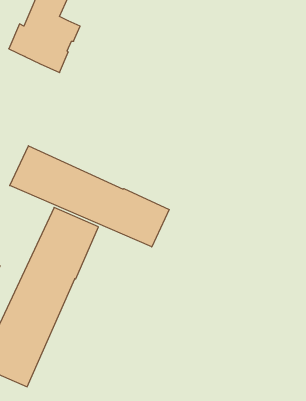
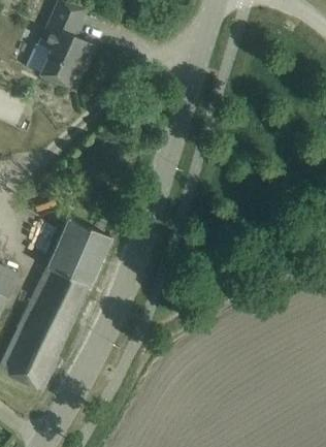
building: [10,146,169,247] -> none

